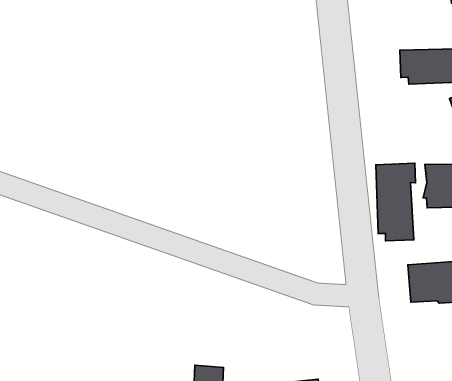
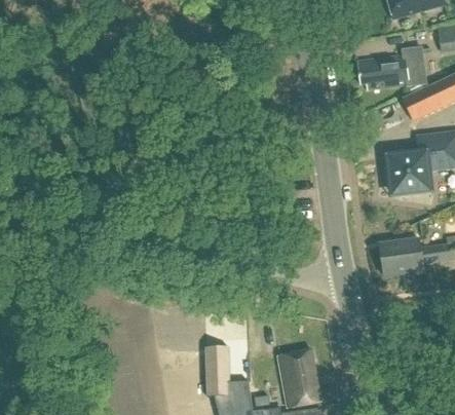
building: [376,163,415,241] -> none

